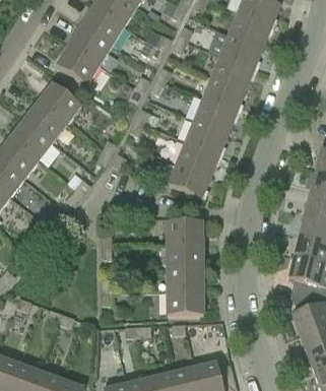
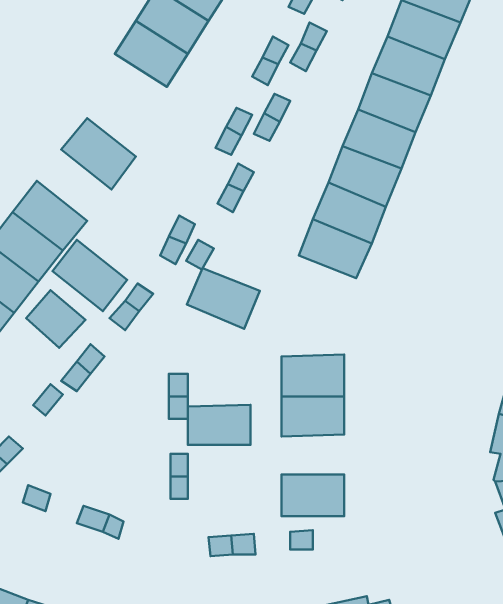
building: [56,44,100,83] -> none
building: [23,100,67,141] -> [53,240,127,311]
building: [168,161,210,197] -> [187,268,260,329]
building: [167,266,203,289] -> [188,405,250,445]

